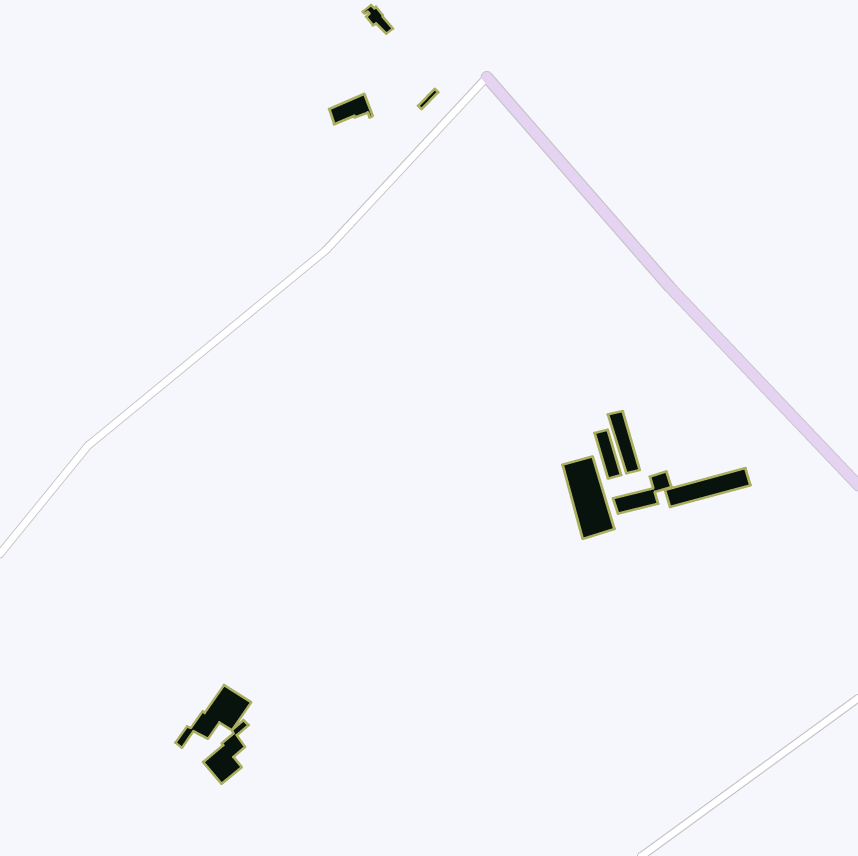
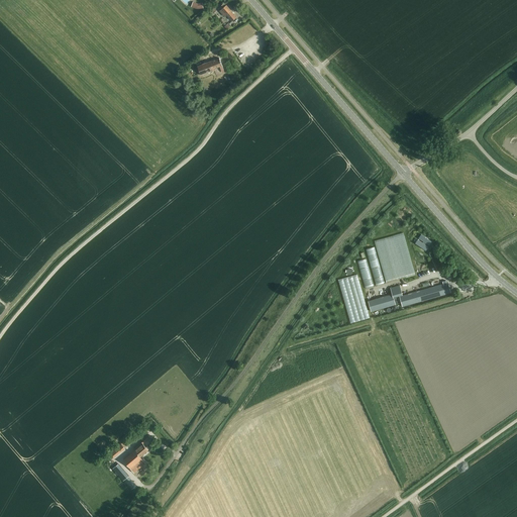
building: none -> [375,235,405,282]
building: [175,685,251,748] -> none

